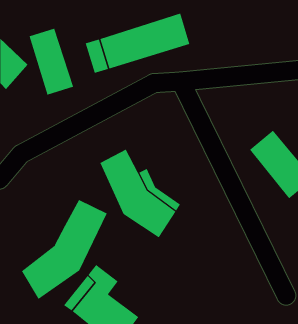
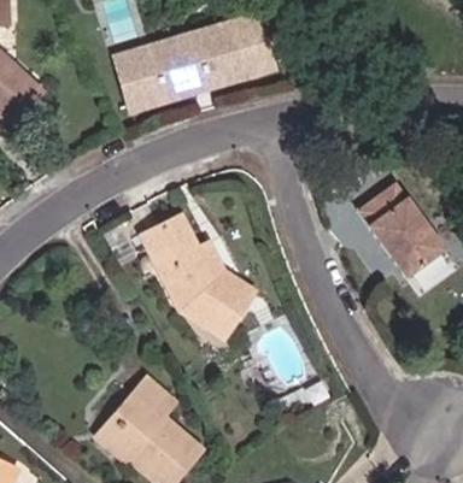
building: [29,28,74,95] -> none
building: [21,199,107,300] -> none

